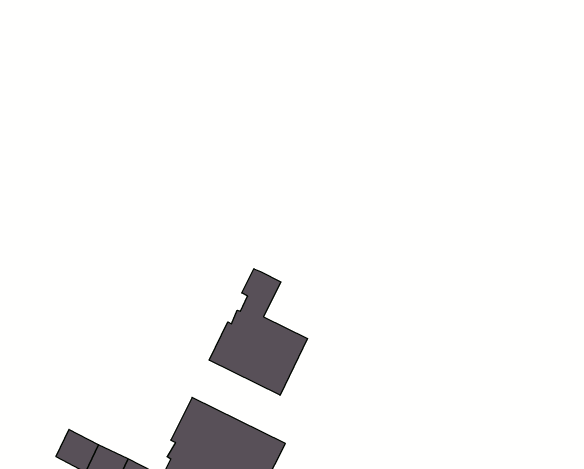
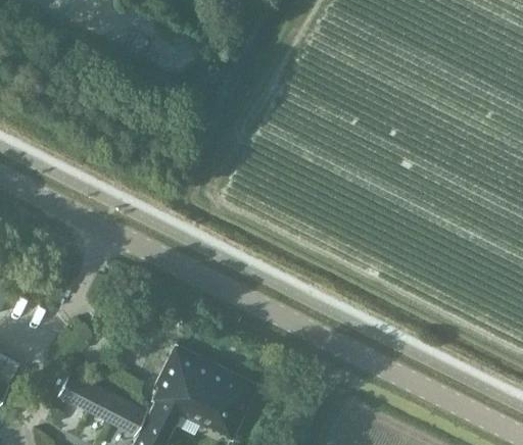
building: [209,269,307,395] -> none

